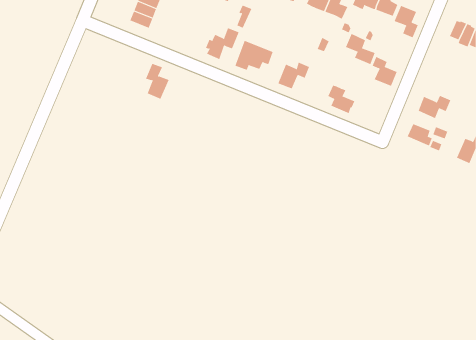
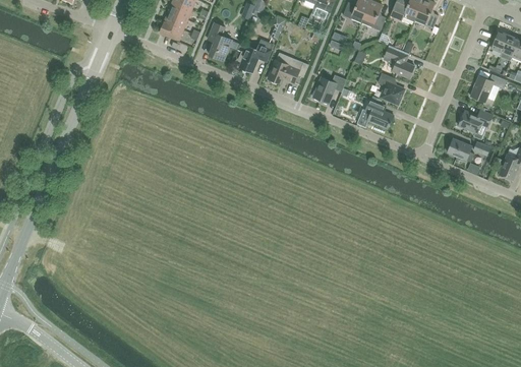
building: [394,5,418,38] -> none
building: [372,56,397,86] -> [378,72,404,104]
building: none -> [470,73,507,102]
building: [145,63,170,99] -> [207,22,232,60]

